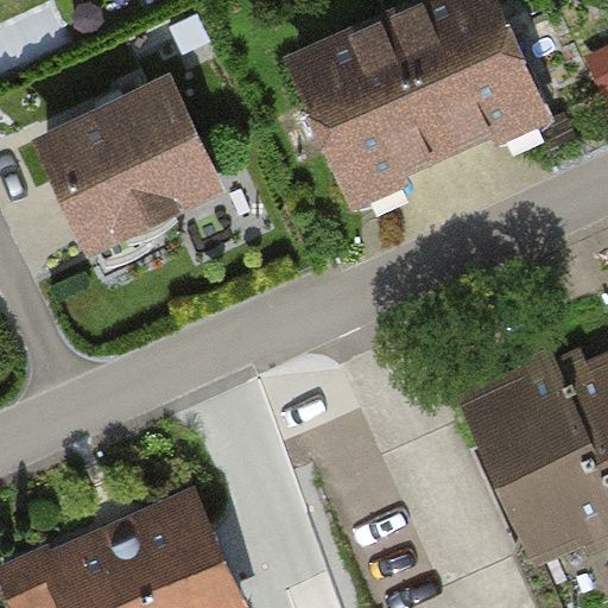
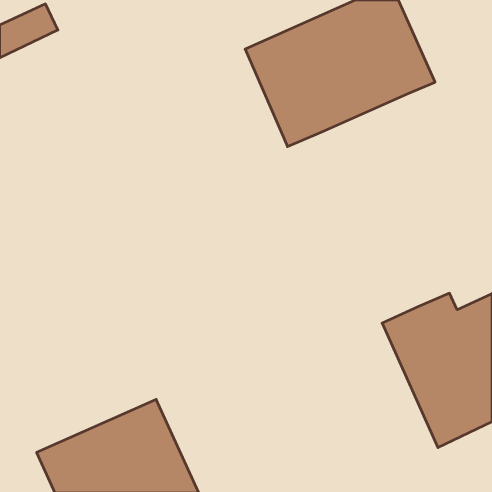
building: [31,77,221,252] -> none

